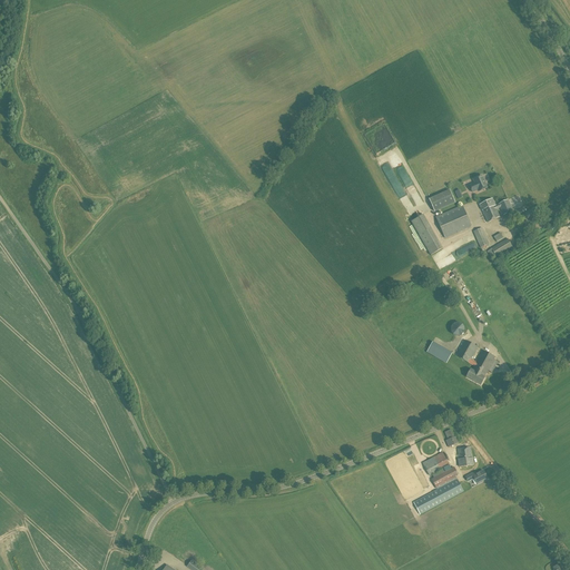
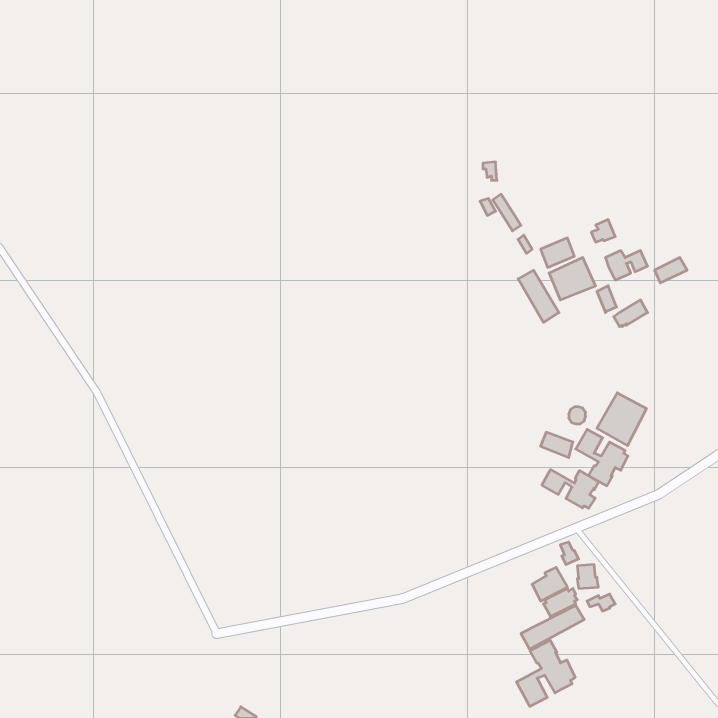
building: none -> [597,393,646,446]
building: none -> [542,470,599,508]
building: none -> [517,640,575,706]

